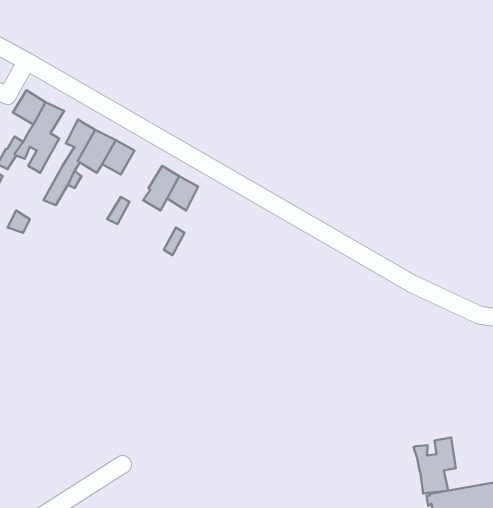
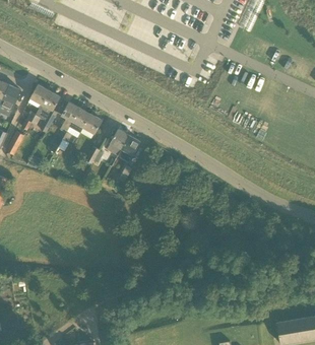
building: [413,438,456,493] -> none

